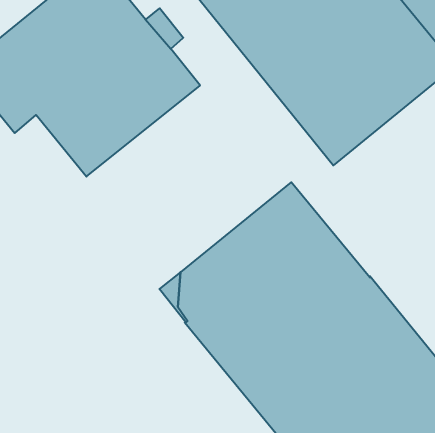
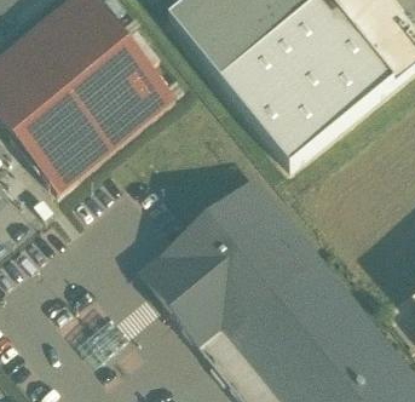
building: none -> [15,120,76,189]

